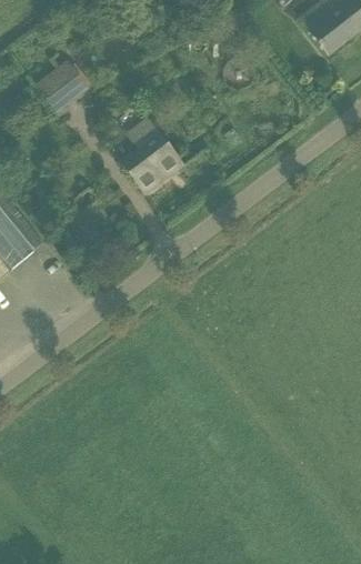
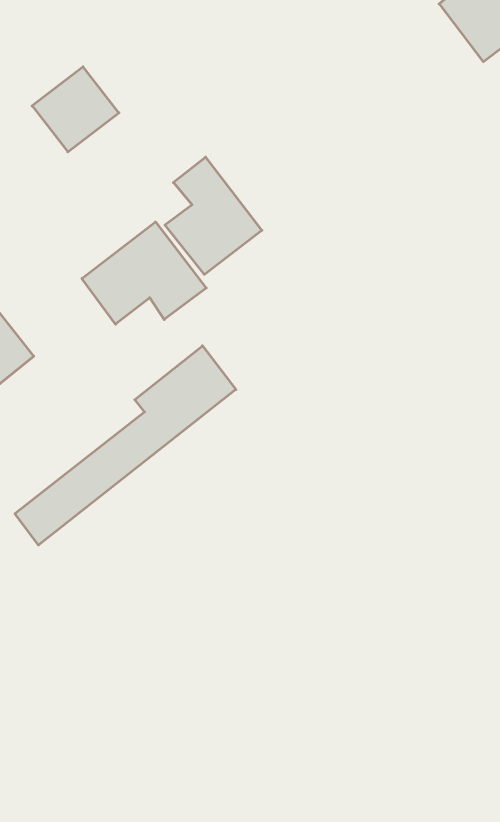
building: none -> [82,222,206,324]
building: none -> [15,346,236,545]

